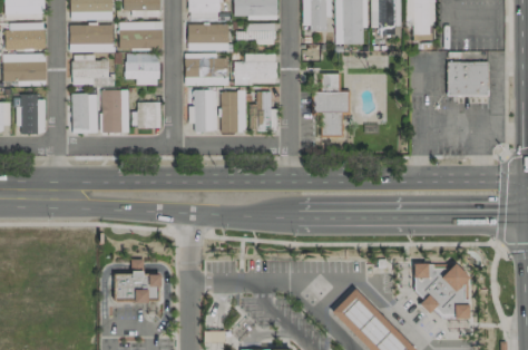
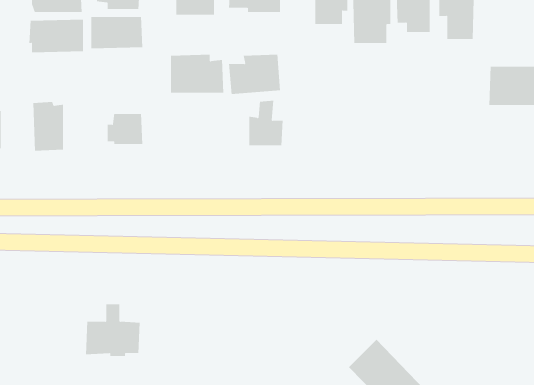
building: [187,22,229,50] -> none
building: [236,23,274,46] -> none
building: [71,54,109,84] -> none
building: [125,54,160,84] -> none
building: [313,71,350,136] -> none
building: [195,88,216,132] -> none
building: [101,89,129,132] -> none
building: [222,91,245,132] -> none
building: [414,263,469,318] -> none

